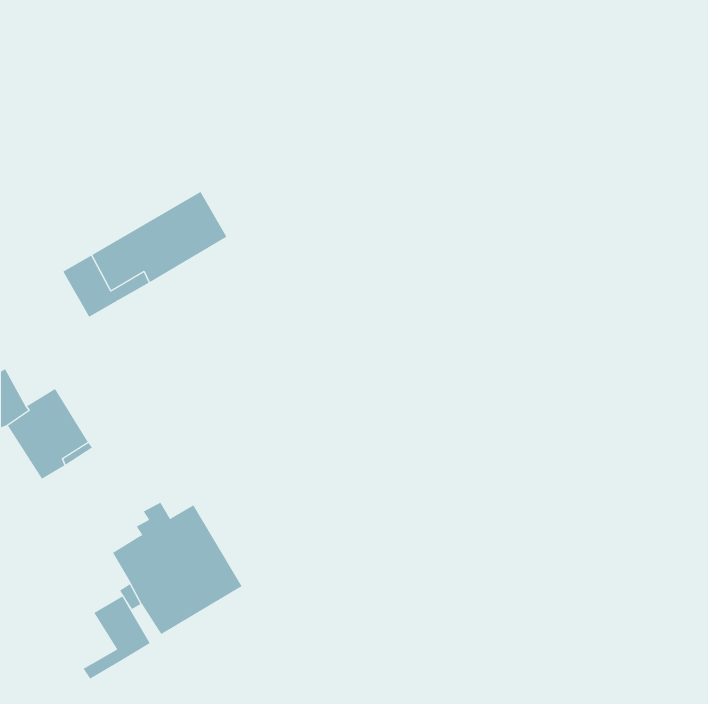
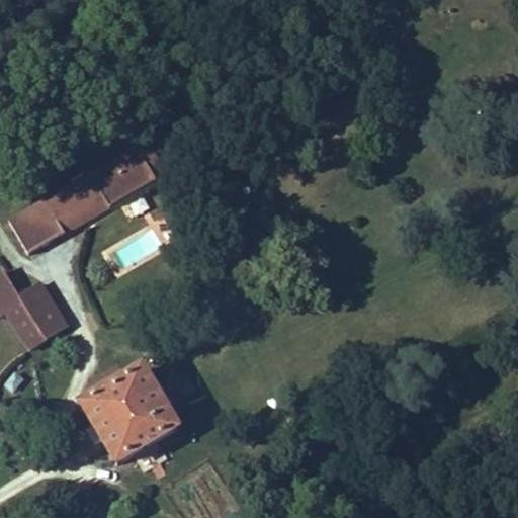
building: none -> [9,198,65,253]
building: [83,595,151,680] -> none

